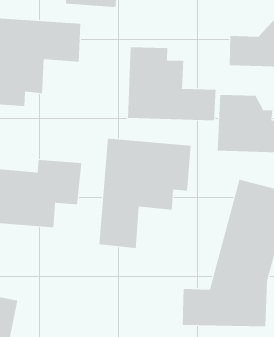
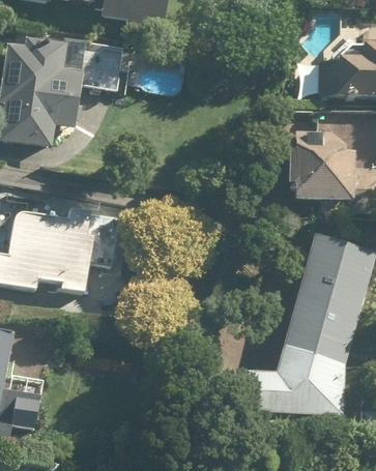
building: [127,46,216,121] -> none
building: [99,138,191,249] -> none

